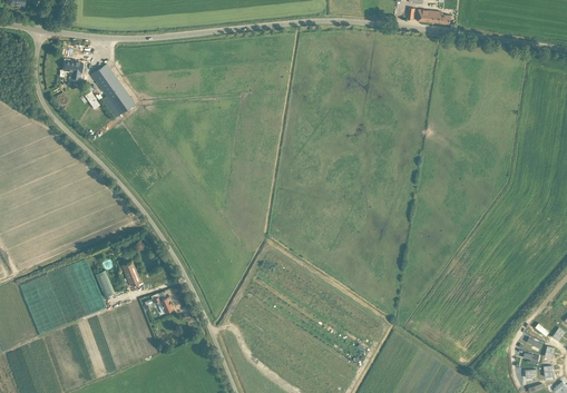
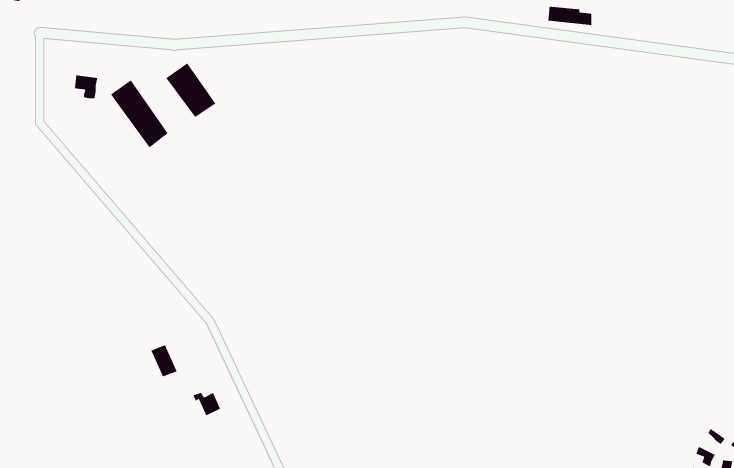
building: none -> [166,62,216,118]

